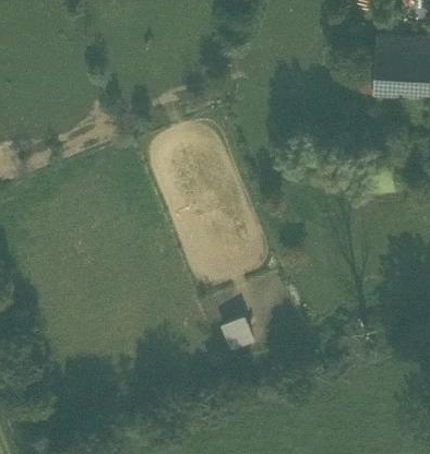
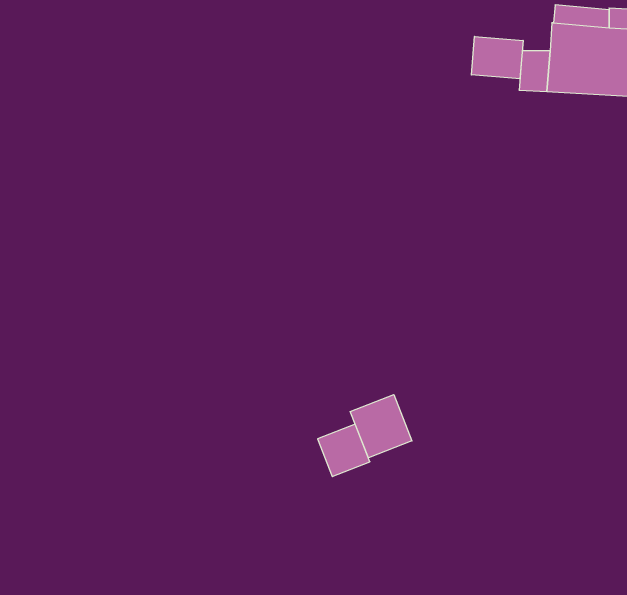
building: none -> [471,36,523,79]
building: none -> [350,395,412,458]

